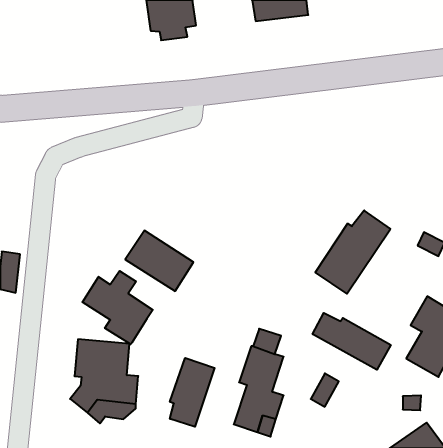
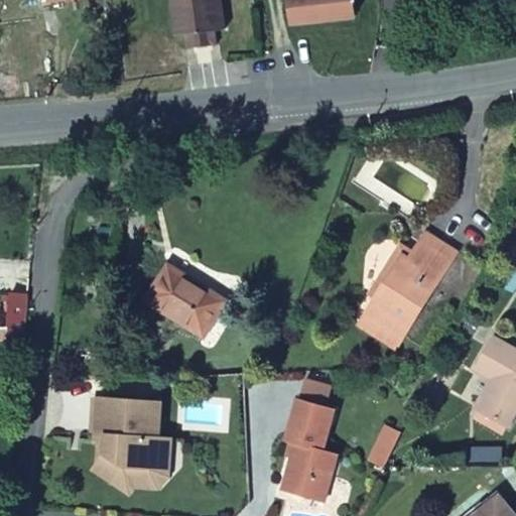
building: [82,271,153,344] -> none
building: [313,313,391,370] -> none
building: [170,358,215,427] -> none

